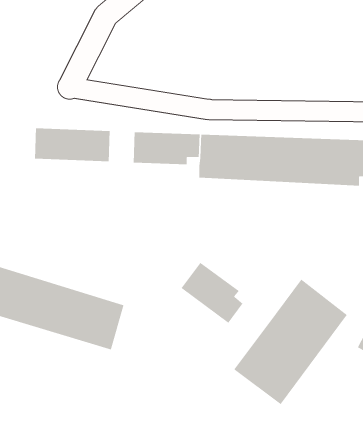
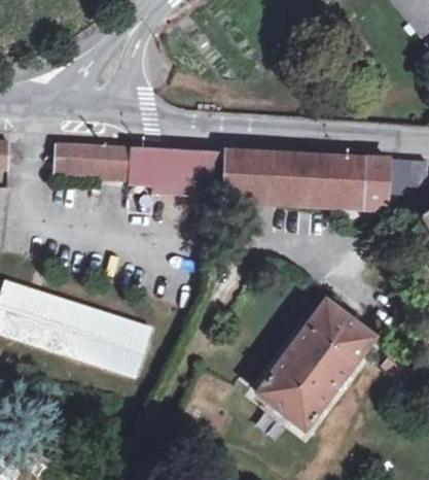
building: none -> [134,147,158,184]
building: [181,262,244,324] -> none

